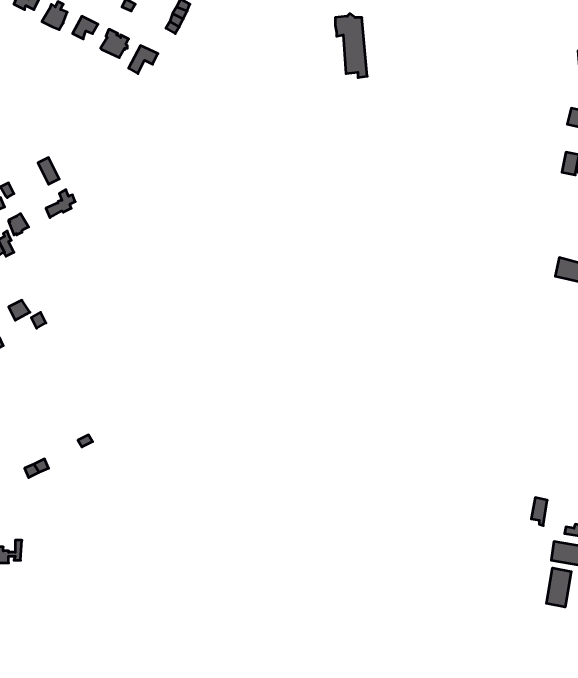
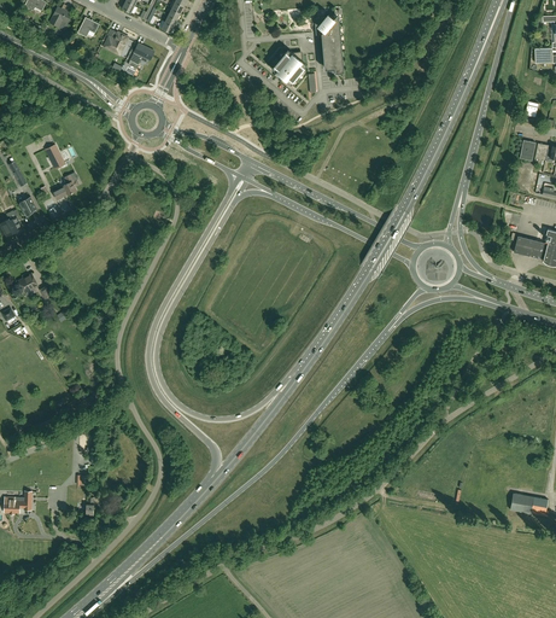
building: none -> [271,48,308,84]
building: [546,568,571,607] -> none

